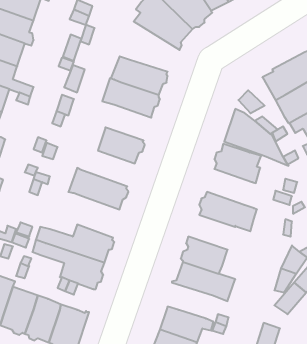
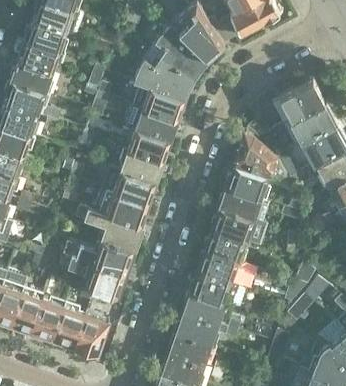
building: none -> [133,54,195,100]
building: none -> [127,130,170,163]
building: none -> [101,168,155,205]
building: none -> [220,189,270,225]
building: none -> [76,205,142,252]
building: none -> [203,231,246,263]
building: none -> [182,293,226,326]

